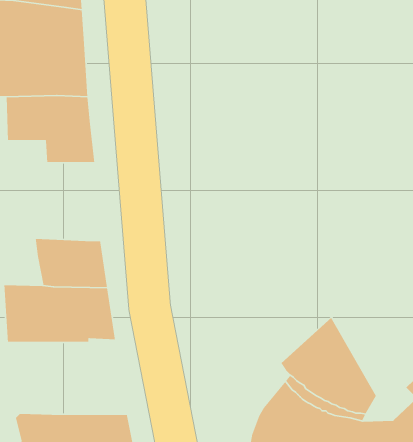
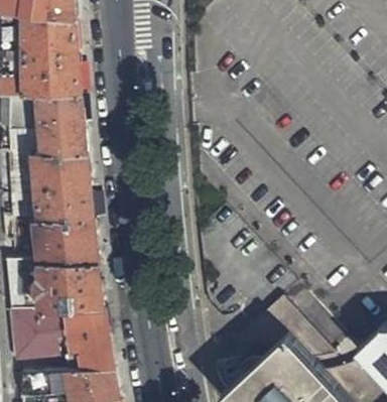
building: none -> [14,153,94,221]
building: none -> [12,306,117,372]

